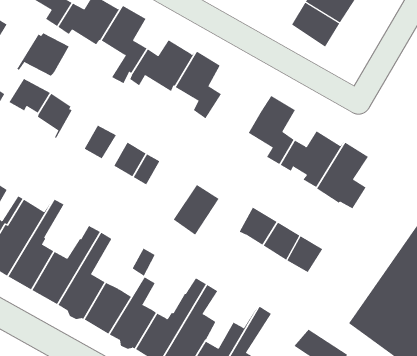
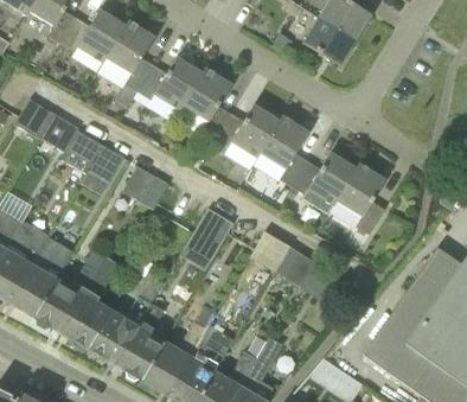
building: [16,32,69,76] -> none
building: none -> [213,104,283,159]
building: none -> [60,130,103,172]

